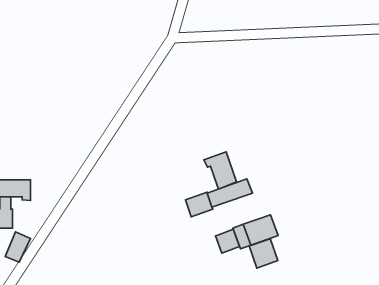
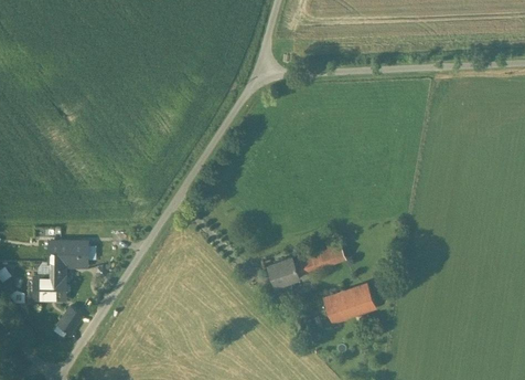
building: [204,152,236,189] -> none
building: [216,229,239,253] -> none
building: [249,238,278,268] -> none

